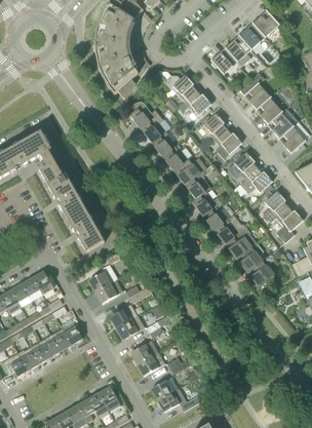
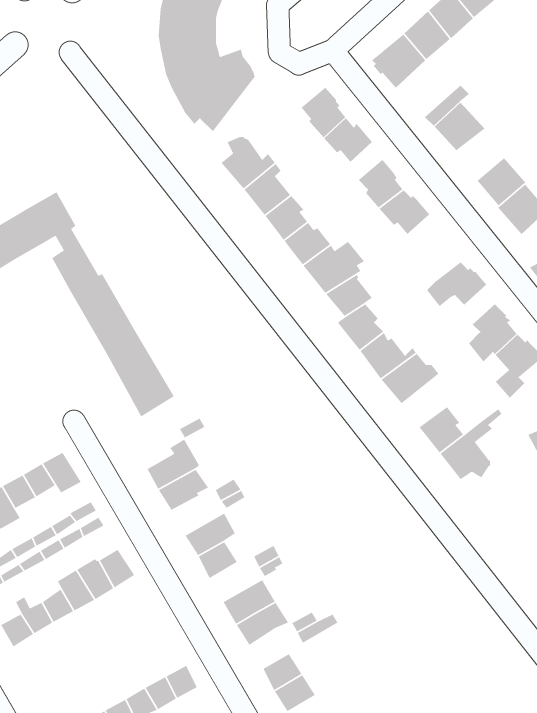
building: [255,98,282,124] -> none
building: [227,152,258,179] -> none
building: [226,229,255,258] -> none

